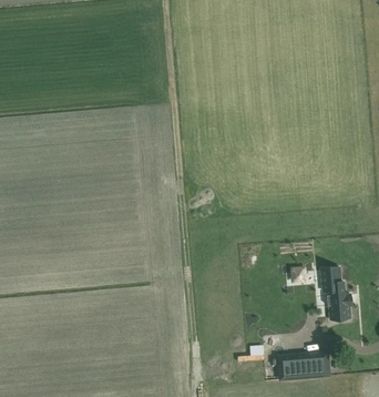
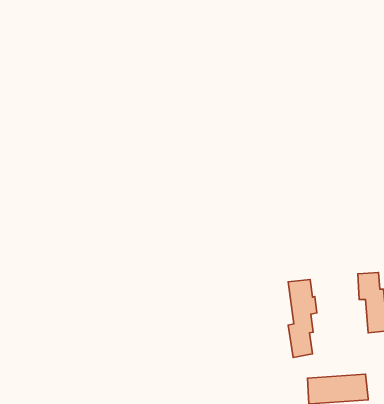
building: none -> [288,279,317,357]

